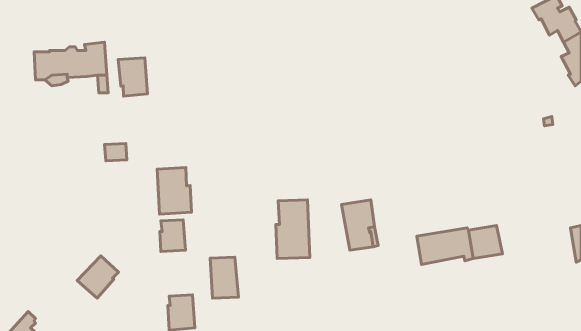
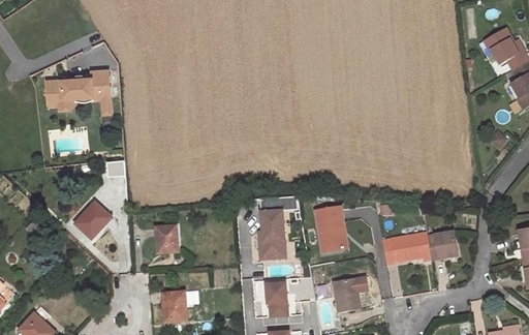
building: [118,58,147,96] -> none
building: [157,167,192,214] -> none
building: [77,256,118,298] -> [73,202,110,239]
building: [210,257,238,298] -> [266,280,290,316]
building: none -> [334,279,361,314]

